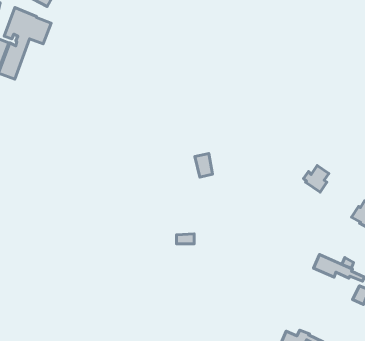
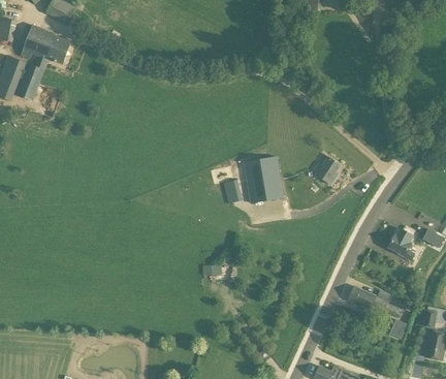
building: none -> [243,156,283,203]
building: [303,166,329,192] -> [313,157,340,185]

